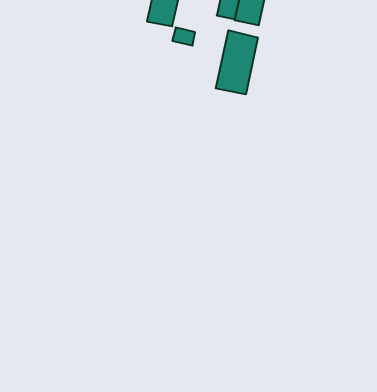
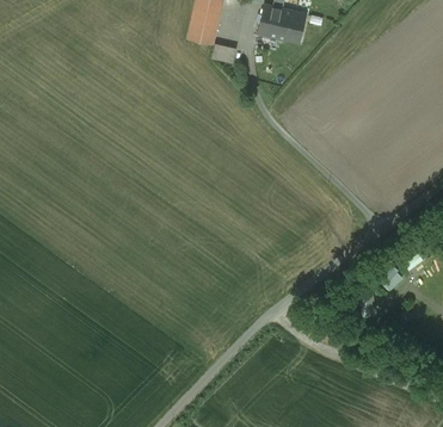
building: [216,30,258,94] -> none

